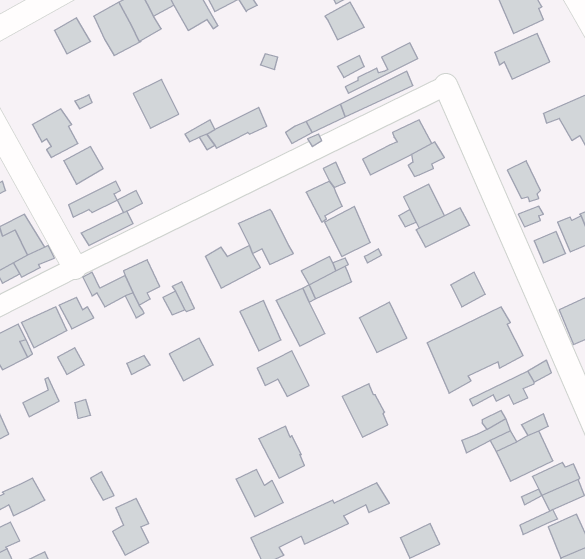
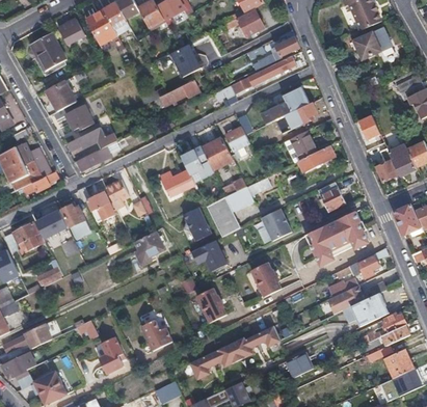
building: none -> [30,33,64,71]
building: [133,79,179,128] -> [169,45,199,77]
building: [325,206,370,257] -> [203,137,233,170]
building: [236,470,283,517] -> [139,321,170,352]

